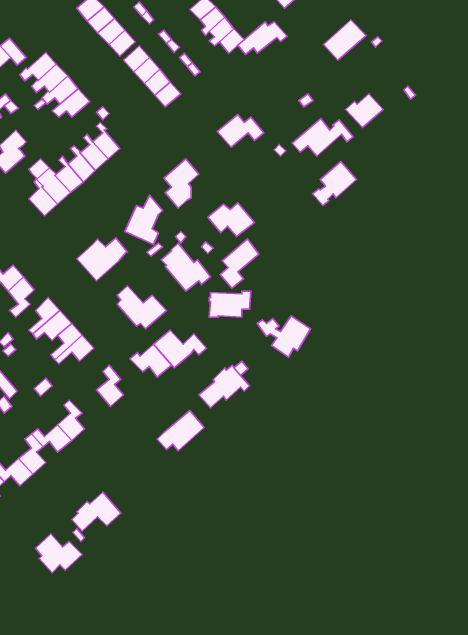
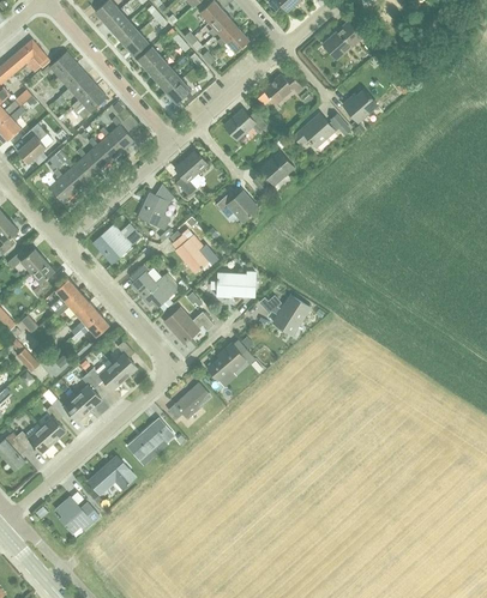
building: [238,22,287,54] -> [255,74,301,104]
building: [312,161,357,206] -> [252,151,293,192]
building: [220,239,259,288] -> none
building: [130,345,171,377] -> [86,360,125,389]
building: none -> [127,418,173,459]

